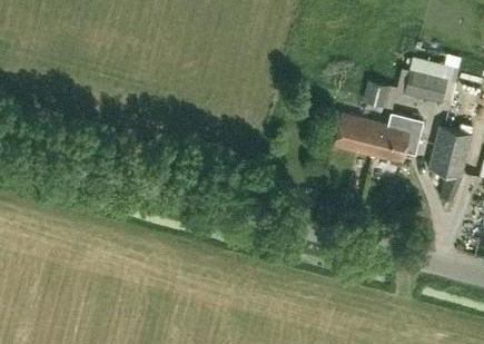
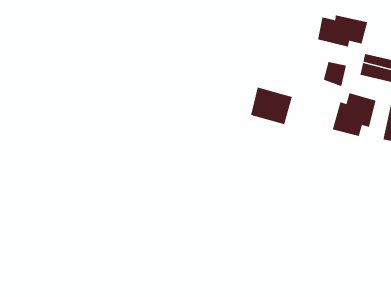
building: none -> [317,14,368,47]
building: [334,112,382,156] -> [250,86,293,125]

